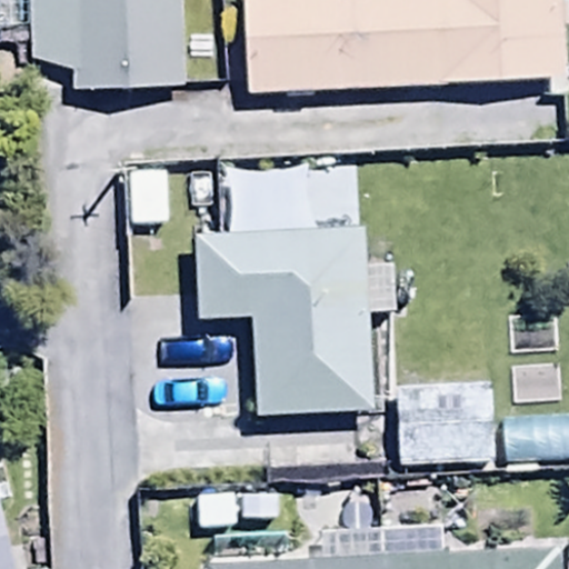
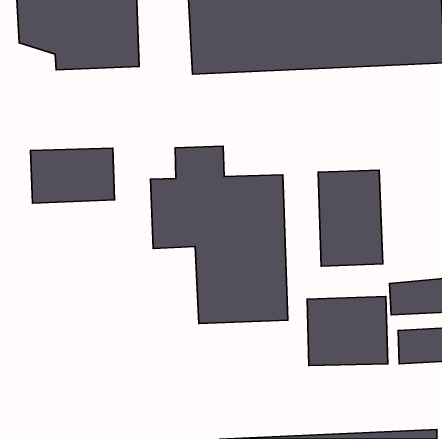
building: none -> [31,148,115,203]
building: none -> [318,170,383,266]

